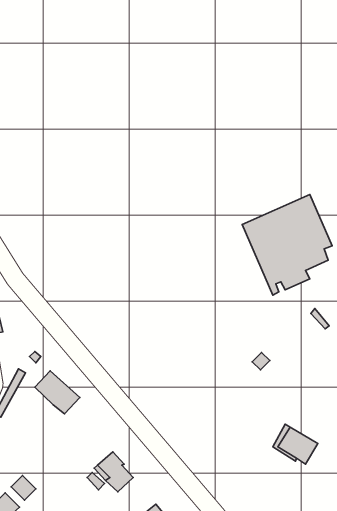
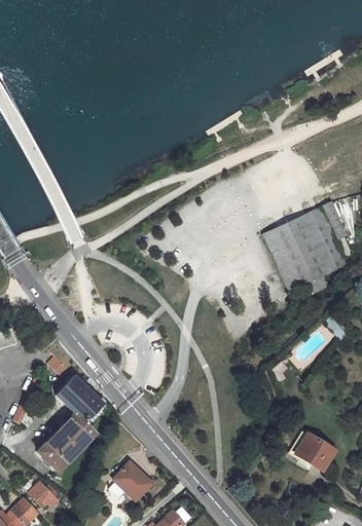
building: none -> [33,412,94,474]

